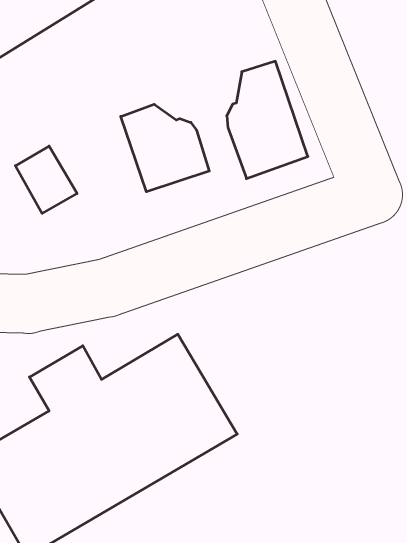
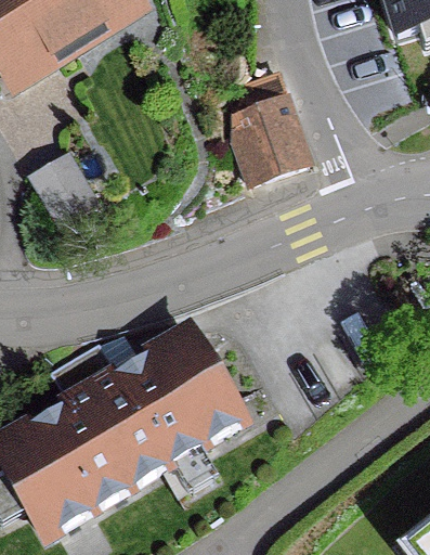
building: [121,104,209,192] -> none

